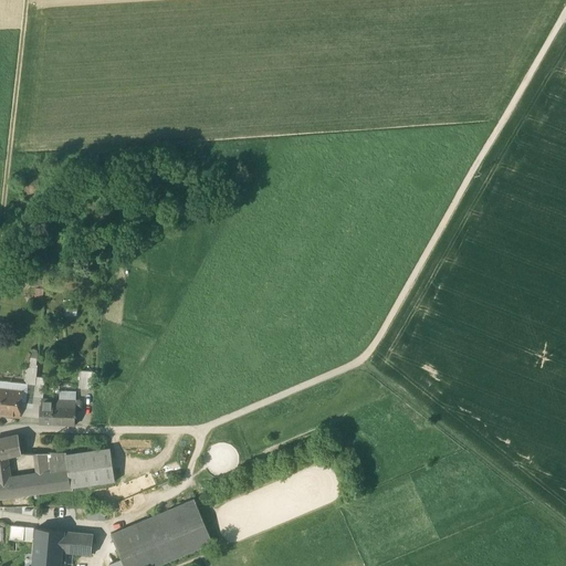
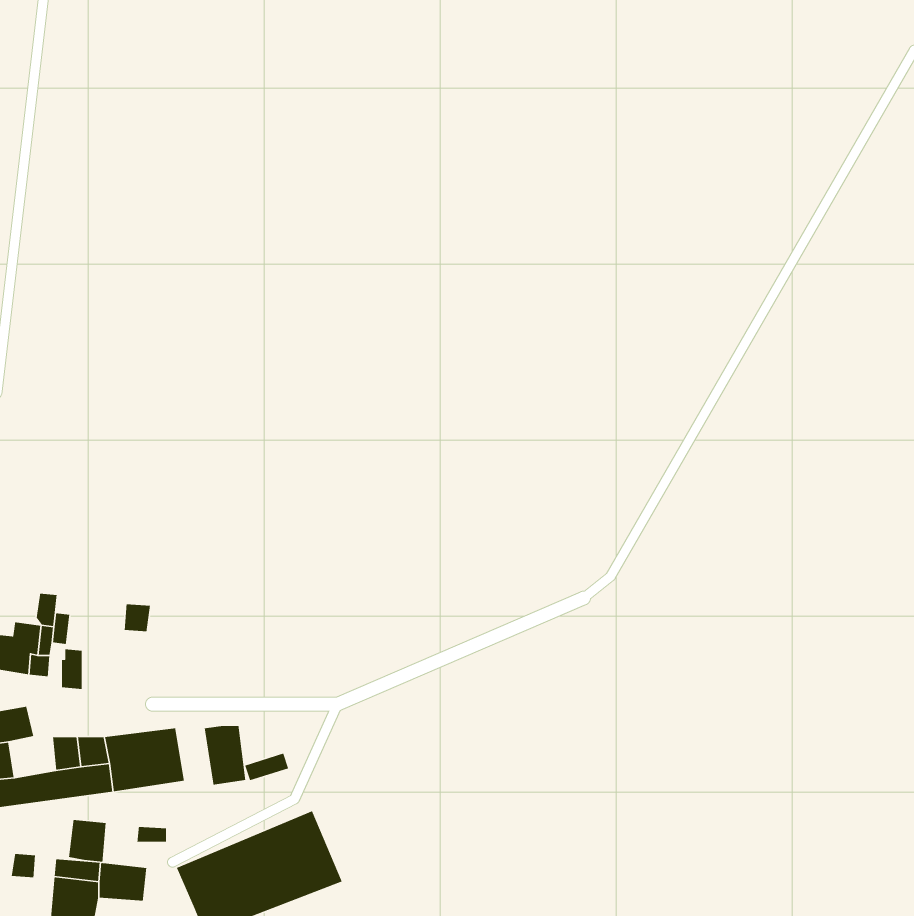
building: [51,401,80,426] -> none
building: none -> [204,725,246,785]
building: none -> [68,819,106,862]

